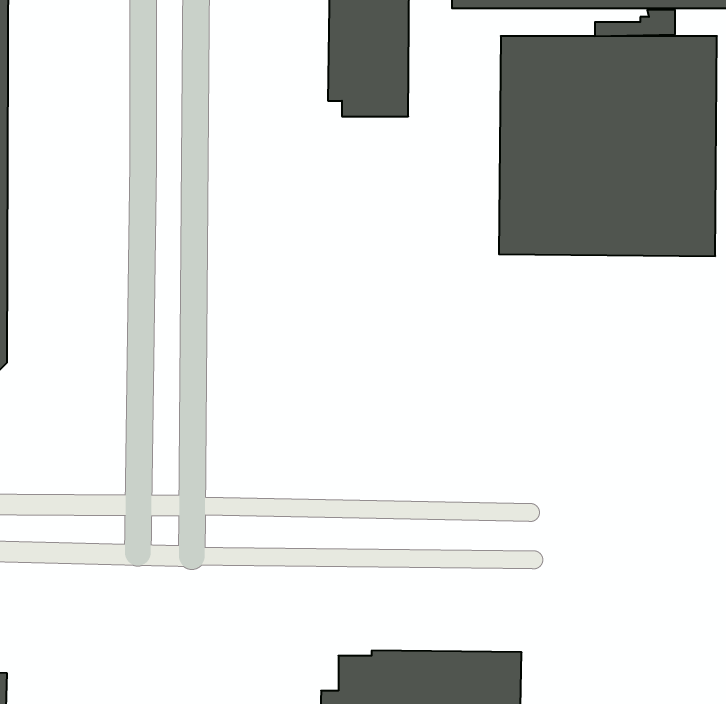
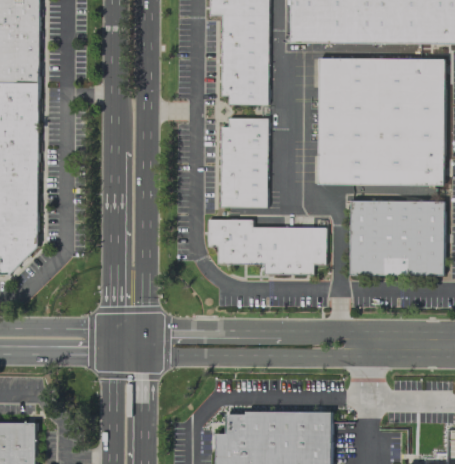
building: none -> [221,118,267,207]
building: none -> [350,202,444,275]
building: none -> [208,220,326,275]

